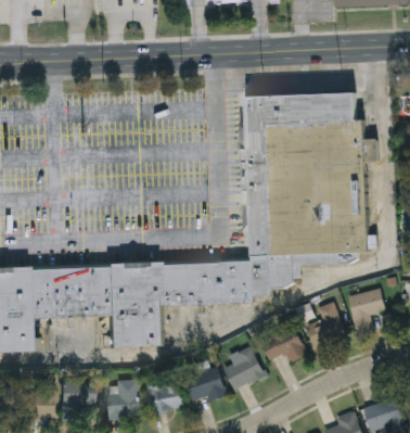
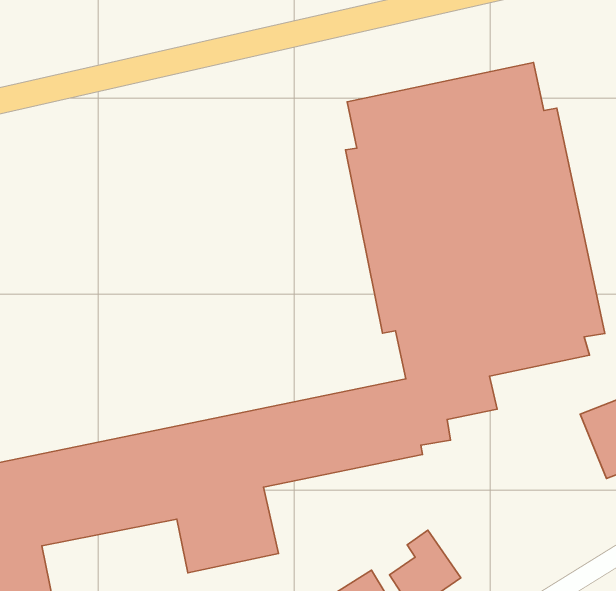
building: [307,302,347,349] -> none
building: [258,322,308,364] -> none

